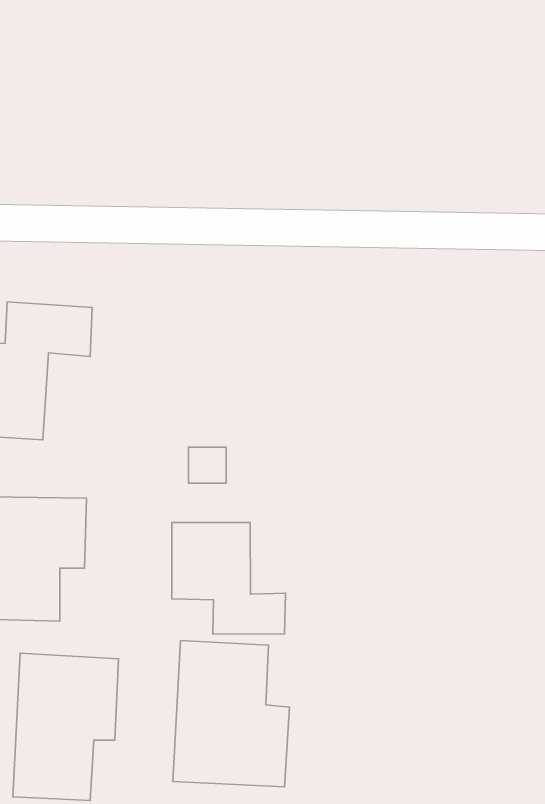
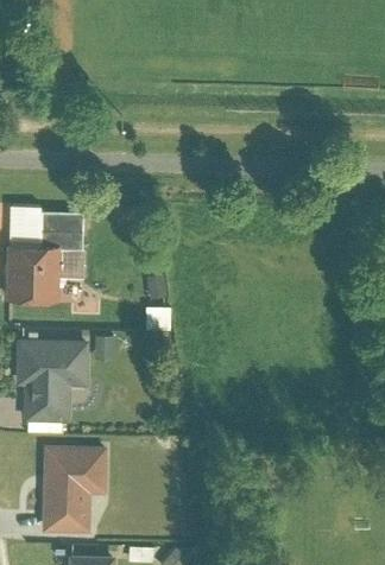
building: [172,522,286,634] -> none
building: [173,640,289,787] -> none

